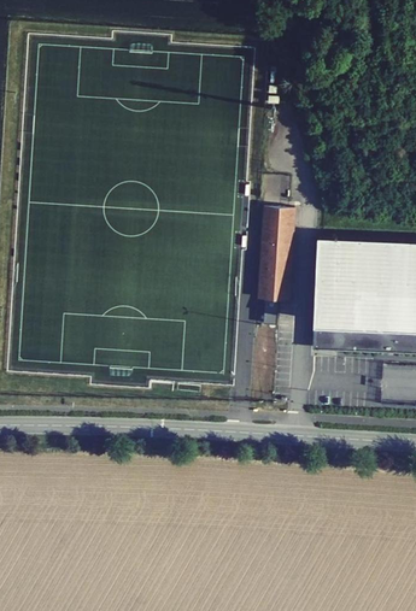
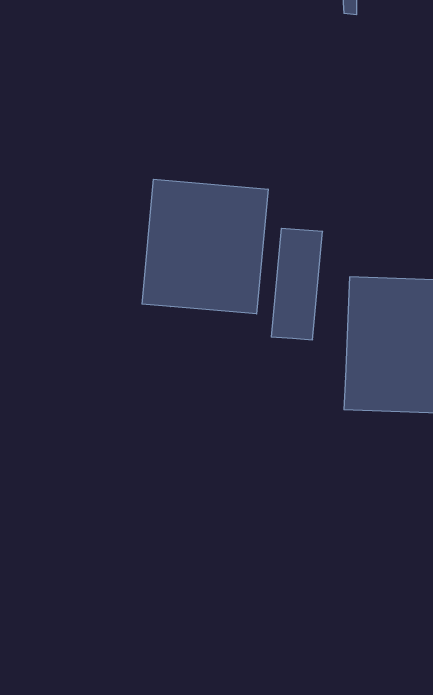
building: none -> [142,179,268,314]

